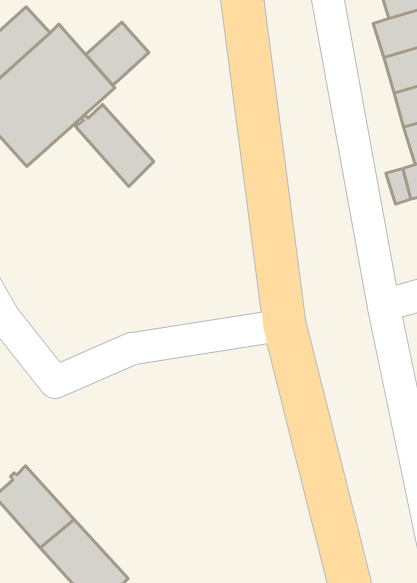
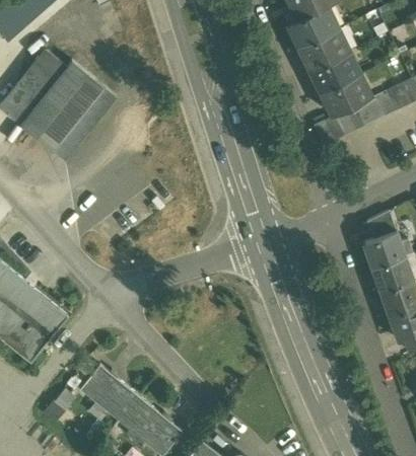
building: [86,22,149,85] -> none
building: [76,105,154,187] -> none

